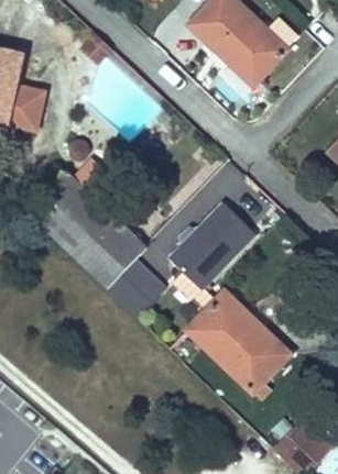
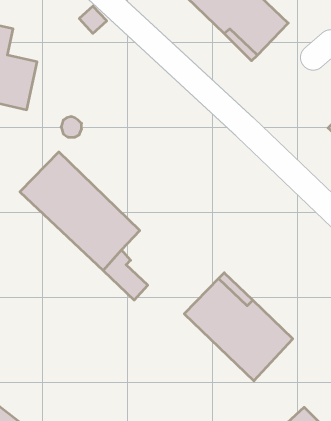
building: [172,200,258,287] -> none

